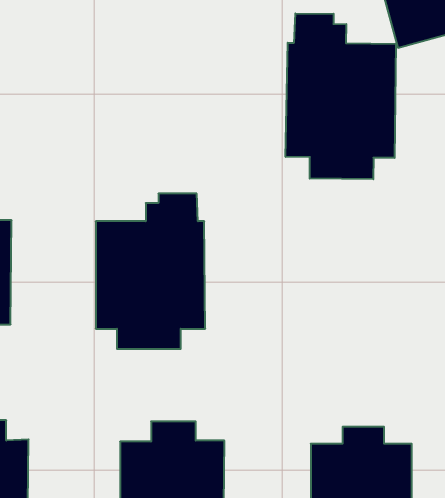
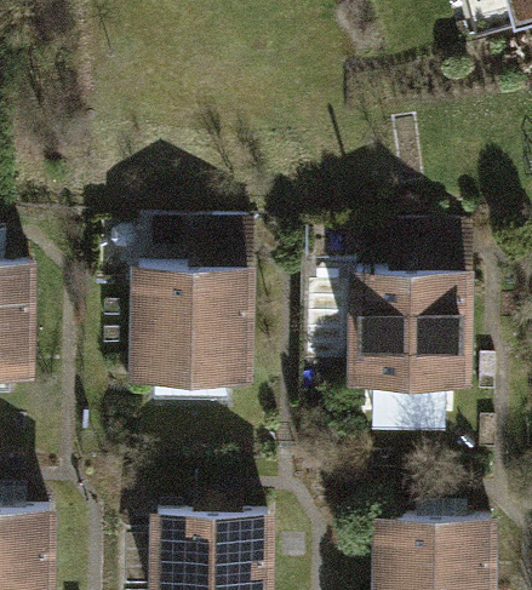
building: [286,13,396,179] -> none
building: none -> [349,234,464,400]

